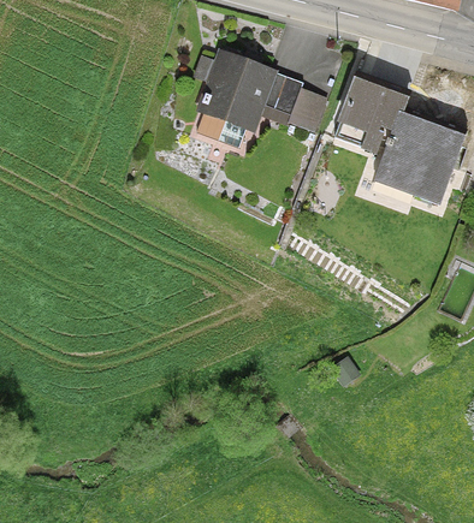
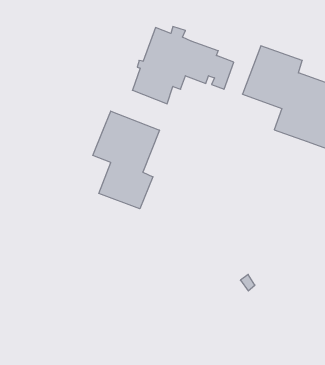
building: none -> [93,111,159,209]

